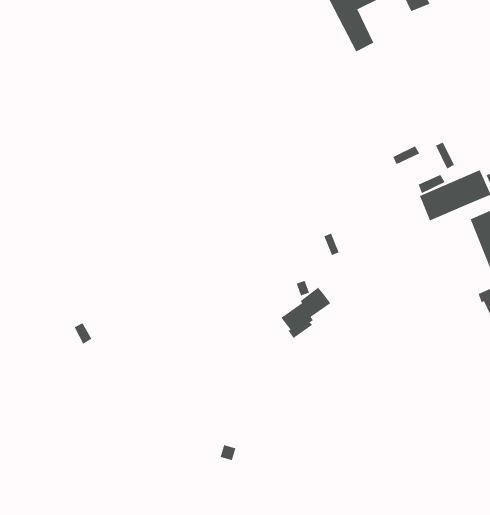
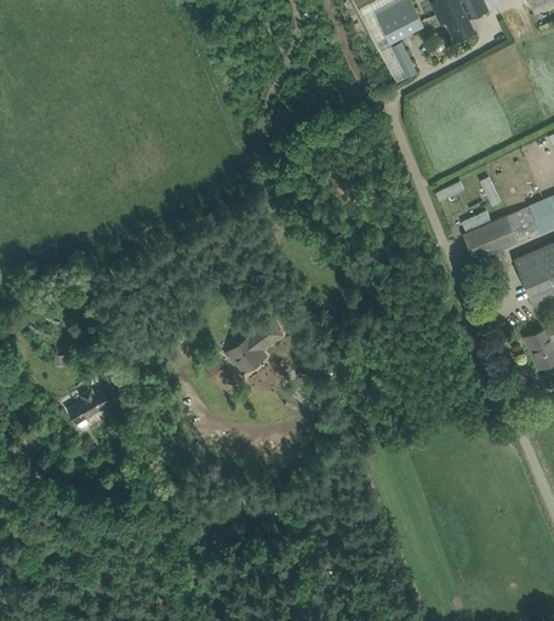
building: [280,287,331,339] -> [229,318,282,372]
building: none -> [68,388,110,428]

